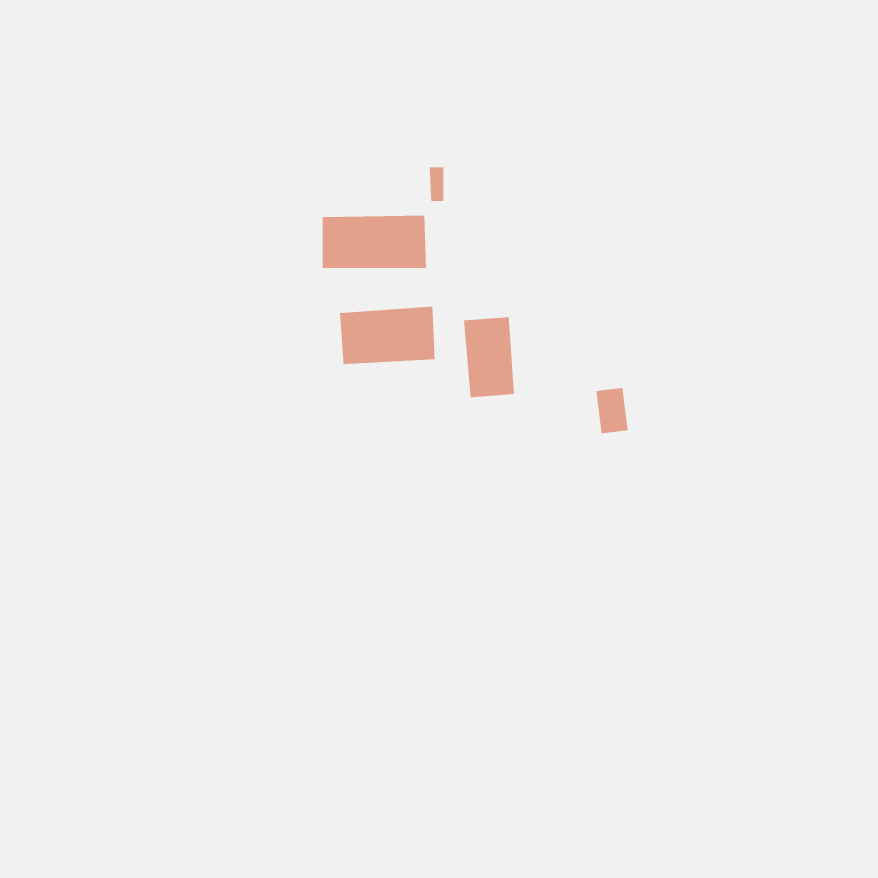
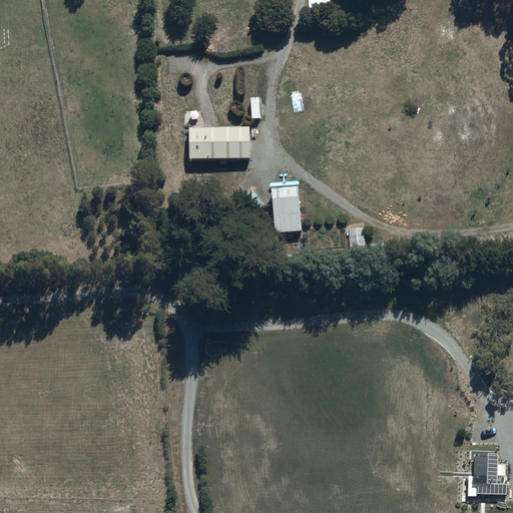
building: [339,306,435,365] -> none
building: none -> [469,454,508,497]

